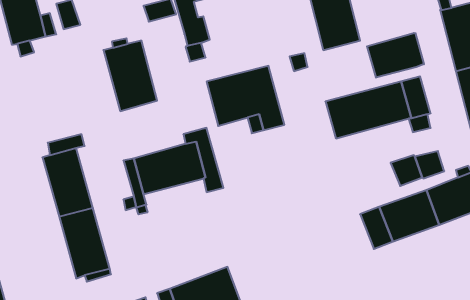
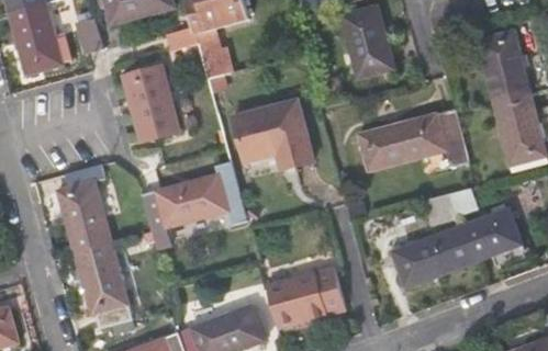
building: [367,33,424,78] -> none
building: none -> [266,268,346,328]

